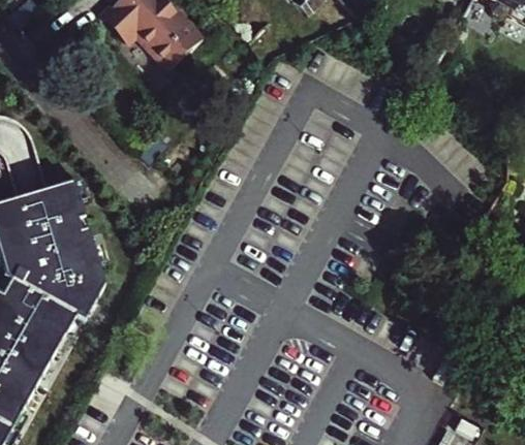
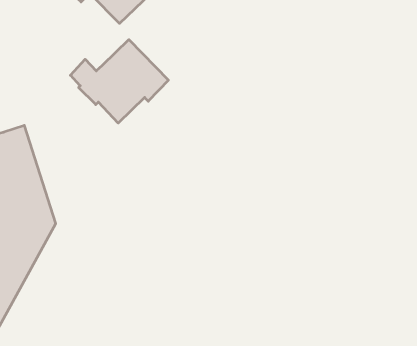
building: none -> [70,40,168,123]

